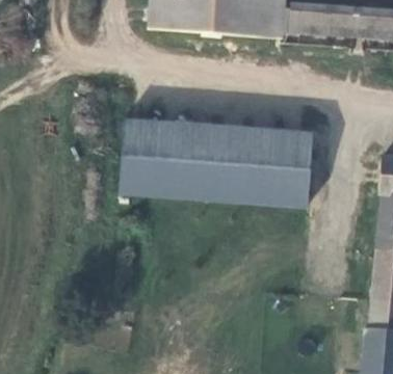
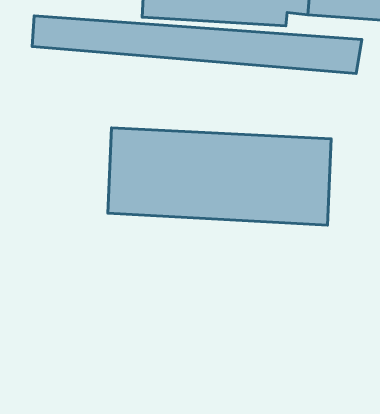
building: none -> [32,16,362,73]

